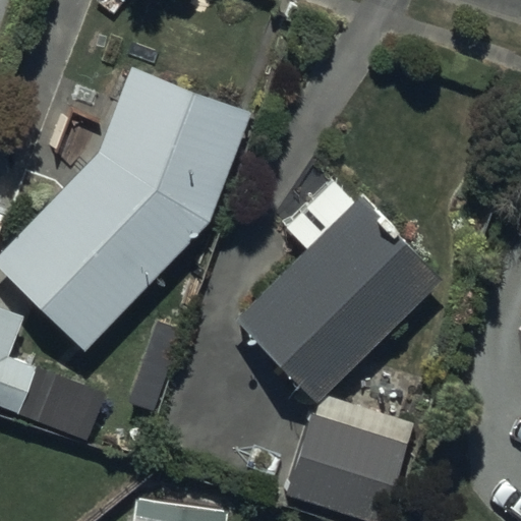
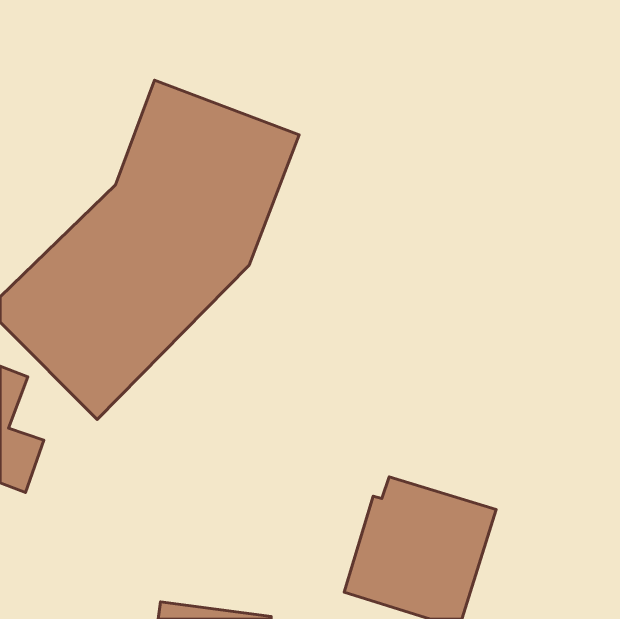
building: [234,200,439,403] -> none

